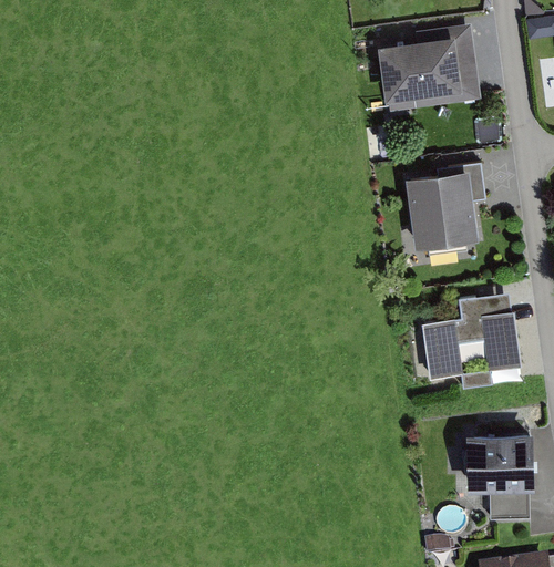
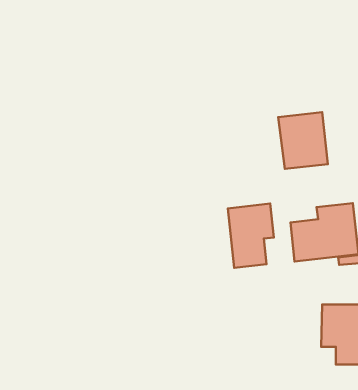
building: [379,25,478,106] -> none
building: none -> [228,204,274,268]

